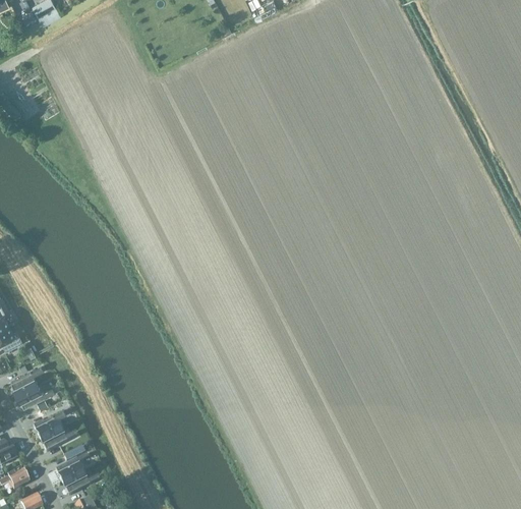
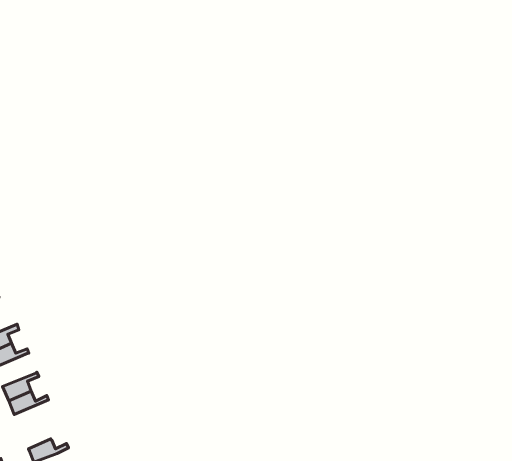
building: [55,451,89,480] -> none

